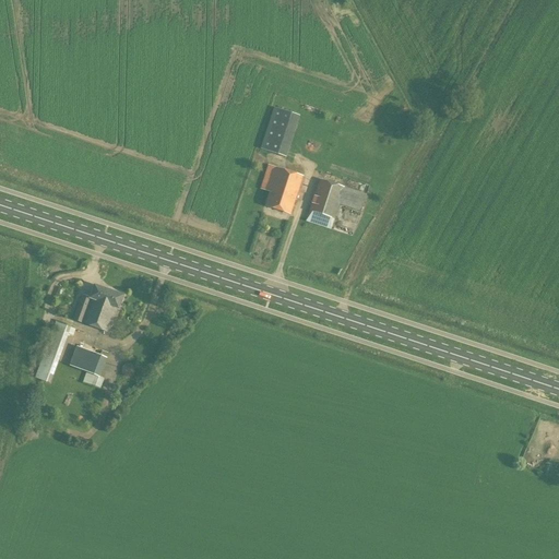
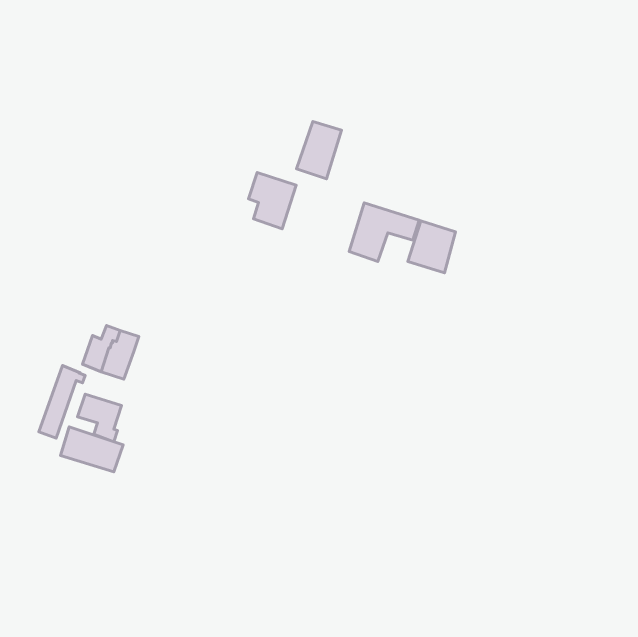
building: [260,164,301,213] -> [249,173,296,229]
building: none -> [408,221,456,273]
building: none -> [60,427,123,472]

